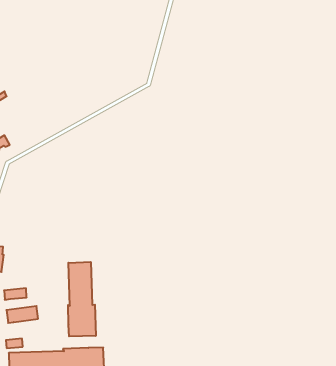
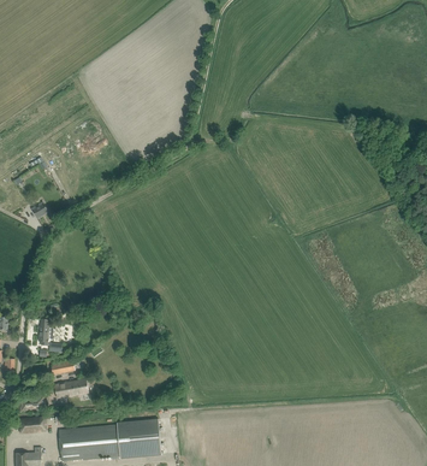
building: [68,262,96,336] -> none

